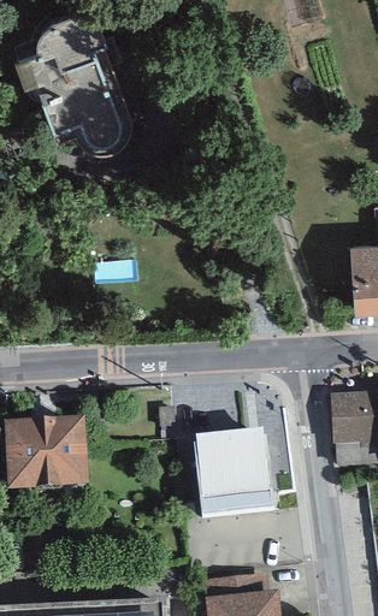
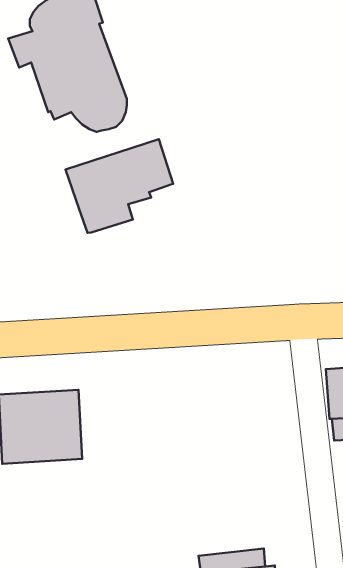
building: none -> [65,139,173,233]
building: [194,426,272,517] -> none

